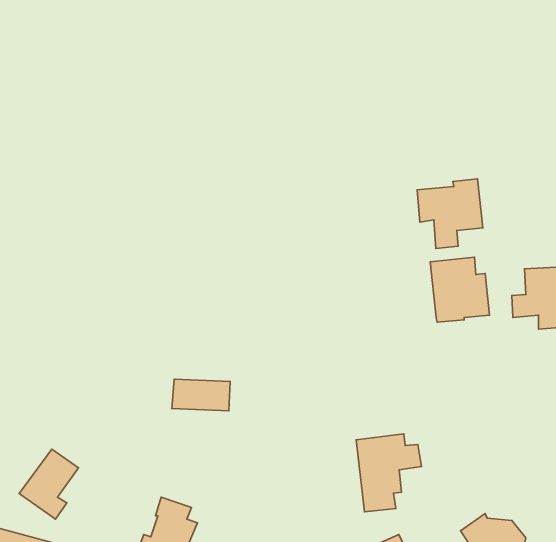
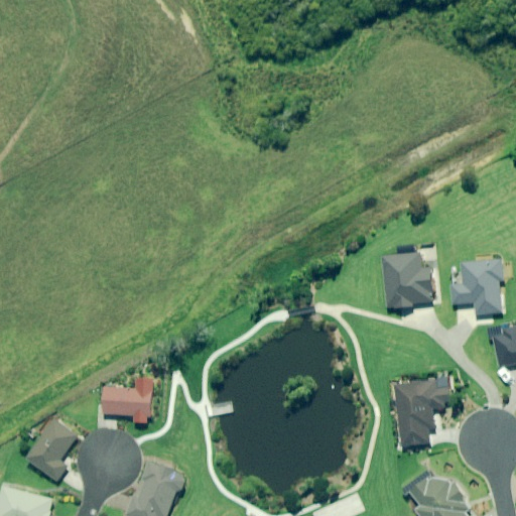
building: [417,179,483,248] -> none
building: [172,379,230,411] -> [102,388,152,415]
building: [356,434,421,512] -> [394,379,450,446]

